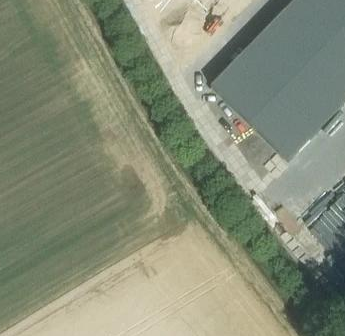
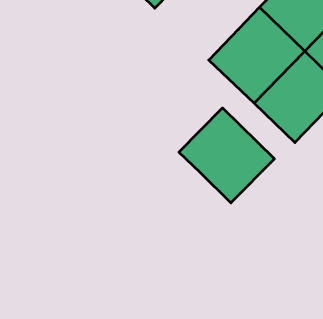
building: none -> [179,108,274,203]

